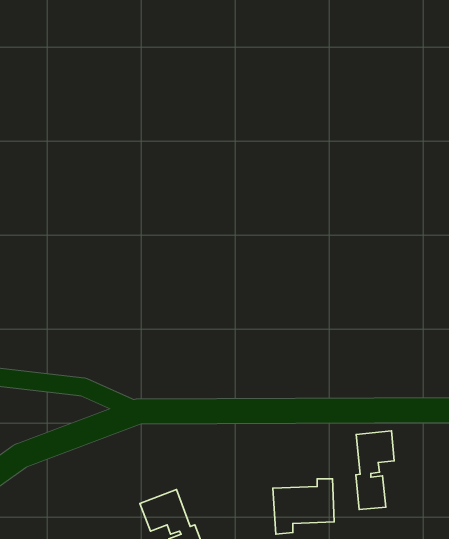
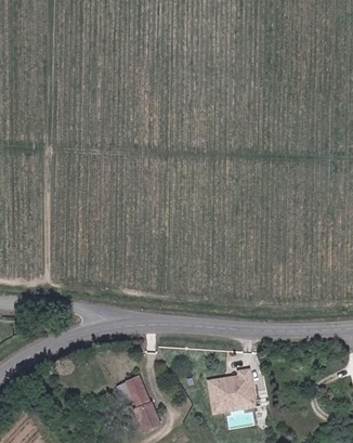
building: [356,431,394,510] -> none

